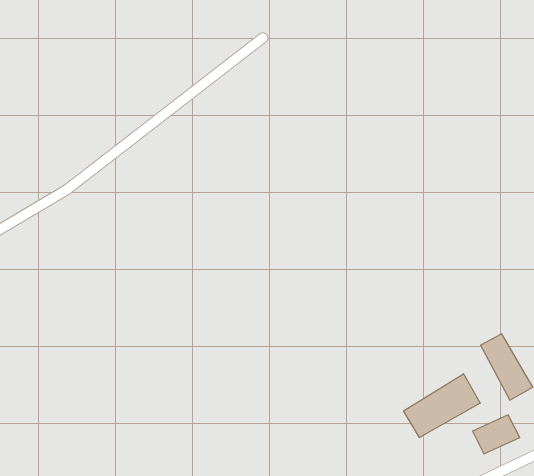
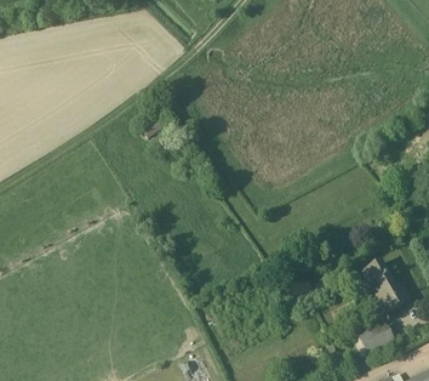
building: [404,374,480,438] -> none

